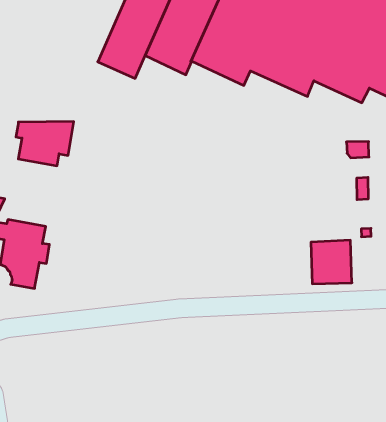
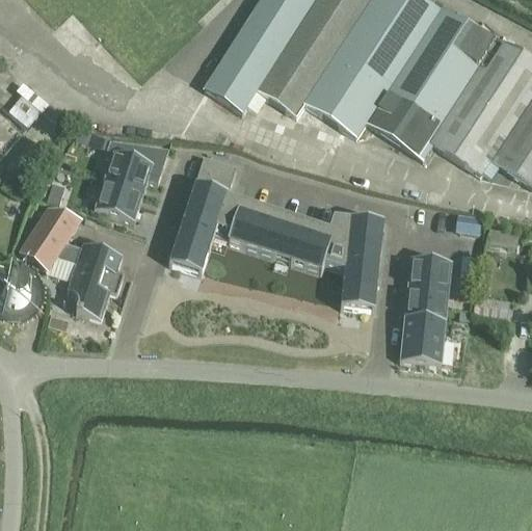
building: none -> [168,156,383,310]
building: none -> [94,179,143,221]
building: none -> [403,257,452,319]

